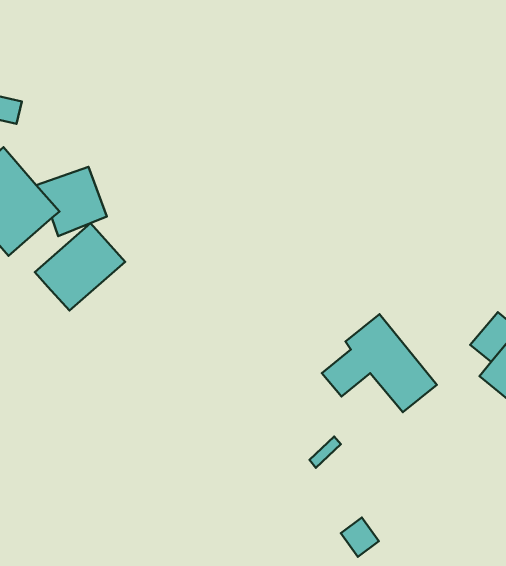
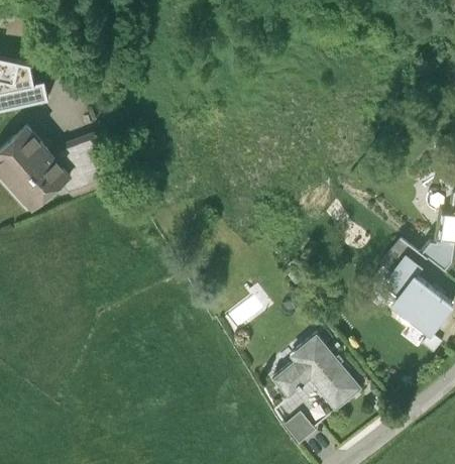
building: [35,223,125,311] -> none
building: [322,314,437,412] -> [272,336,361,412]

